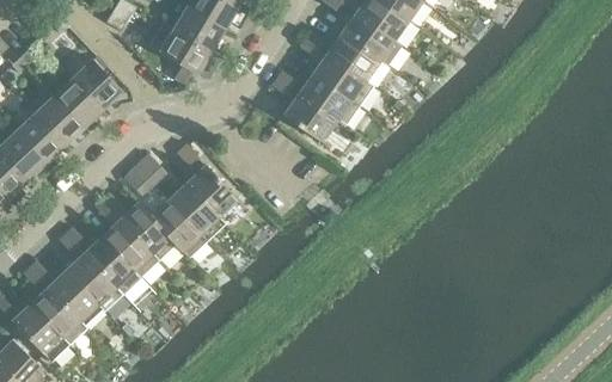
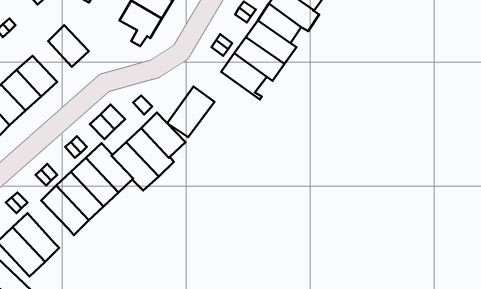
building: [54,78,102,127] -> none
building: none -> [167,86,215,137]
building: [48,270,98,321] -> none

